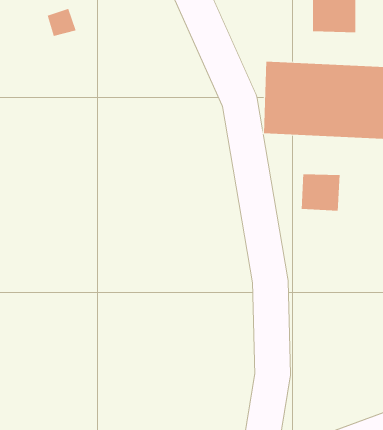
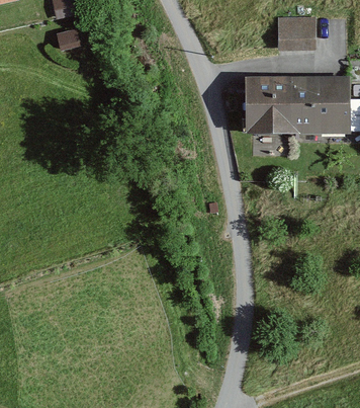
building: [301,174,340,211] -> none

